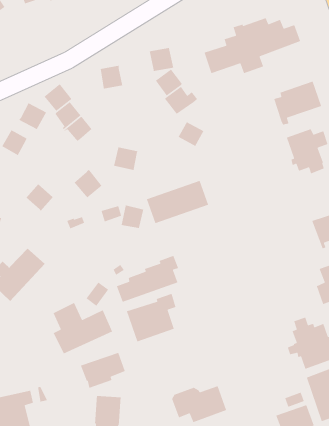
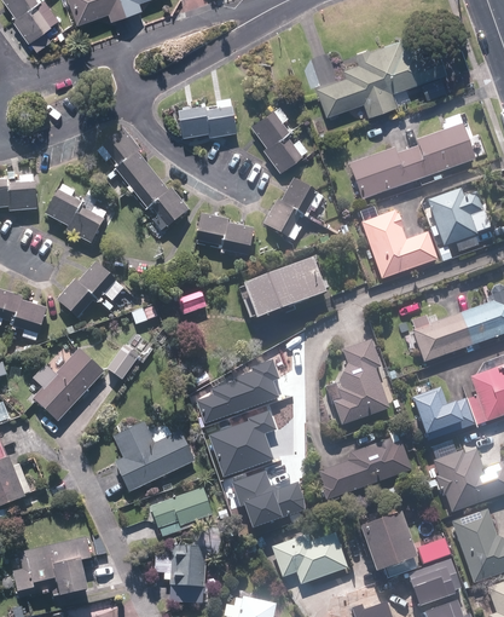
building: [149,47,174,72] -> [203,104,237,137]
building: none -> [349,148,418,198]
building: [18,102,47,130] -> [65,206,104,243]
building: none -> [263,198,301,237]
building: none -> [361,211,436,278]
building: [74,169,103,199] -> [150,186,189,226]
building: none -> [56,279,95,318]
building: [120,205,144,229] -> [221,223,253,255]
building: none -> [412,312,474,362]
building: none -> [332,340,388,425]
building: none -> [410,387,474,440]
building: [86,281,109,307] -> [106,345,138,379]
building: none -> [318,428,411,500]
building: none -> [234,469,307,527]
building: none -> [357,512,417,577]

